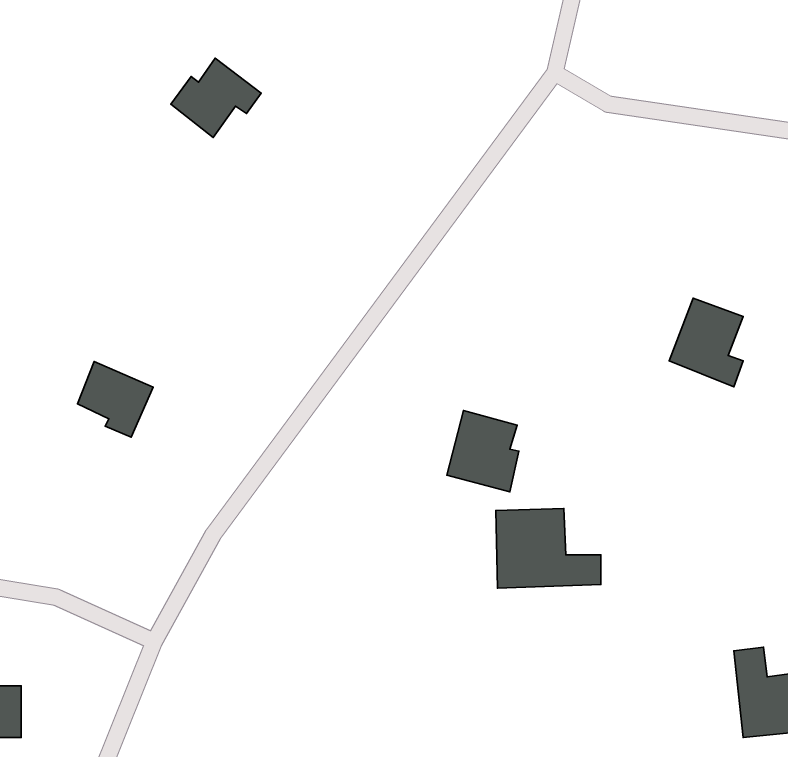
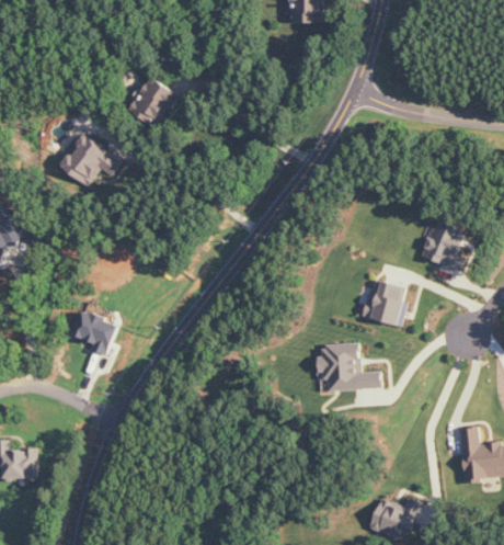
building: none -> [60,135,121,185]
building: [78,361,153,437] -> [72,310,117,355]
building: [447,411,519,492] -> [364,279,406,327]

